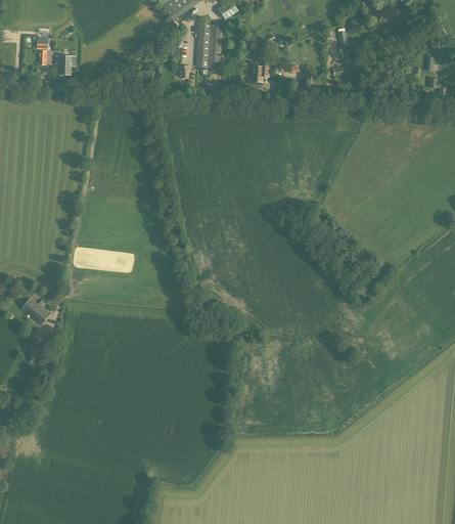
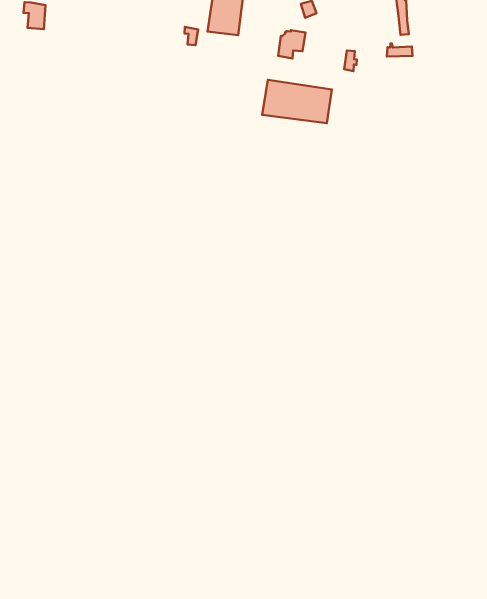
building: none -> [262,80,332,123]

